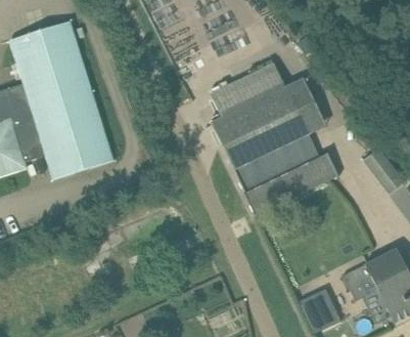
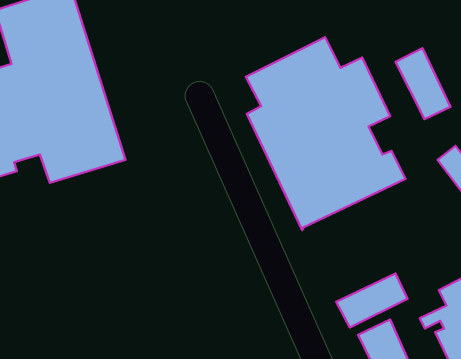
building: none -> [396,48,451,119]
building: none -> [336,274,407,328]

